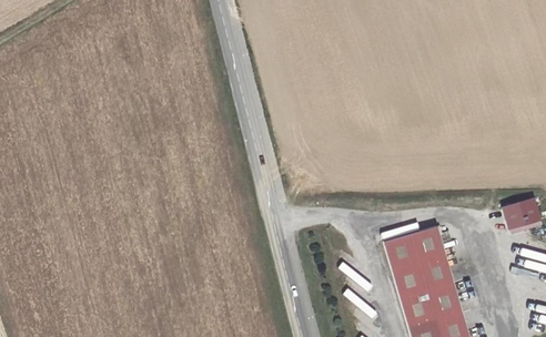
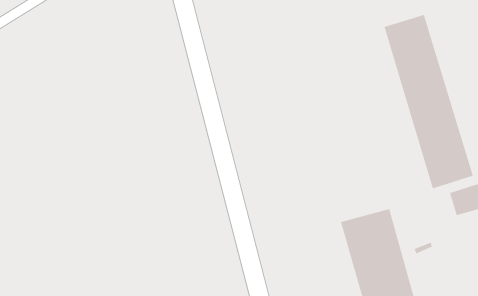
building: none -> [384,14,474,189]

